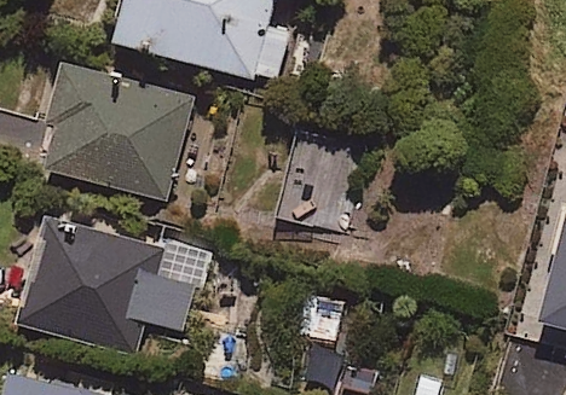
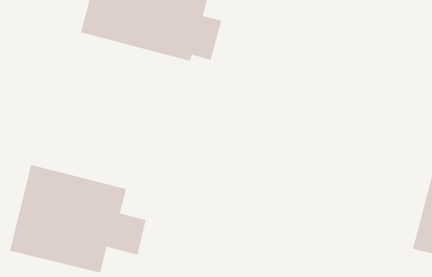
building: [41,58,197,204] -> none

